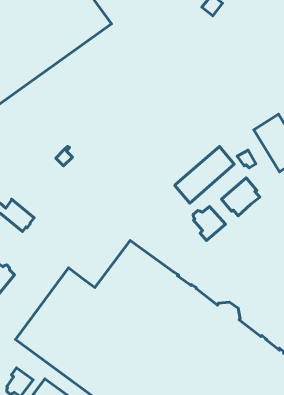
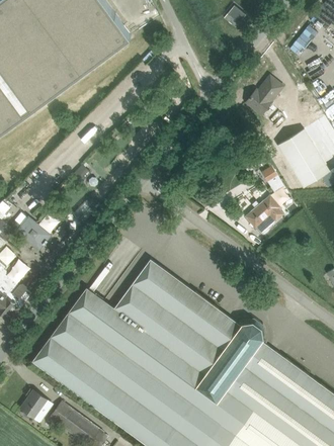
building: none -> [246,77,283,116]
building: [175,146,234,203] -> none
building: [193,207,226,240] -> none

